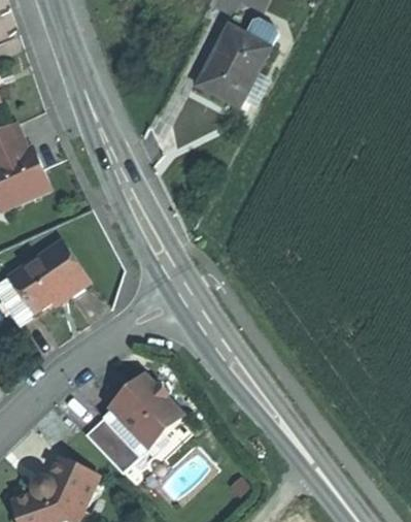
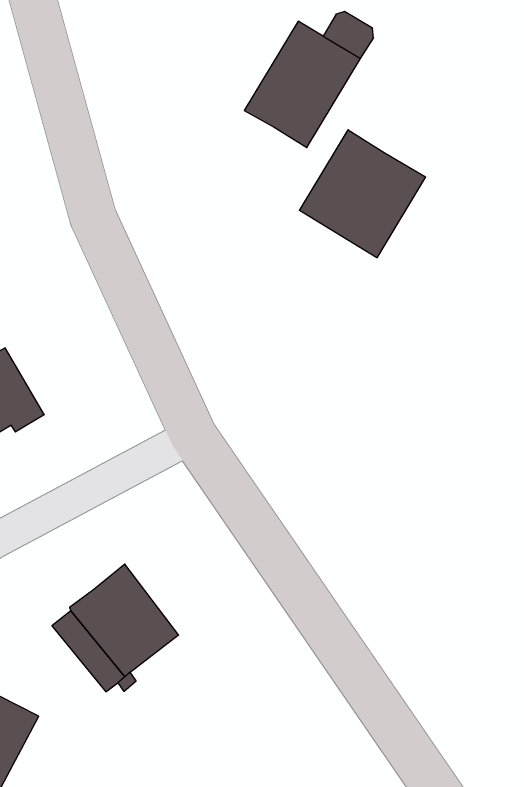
building: none -> [300,130,426,258]
building: [83,417,137,472] -> none

